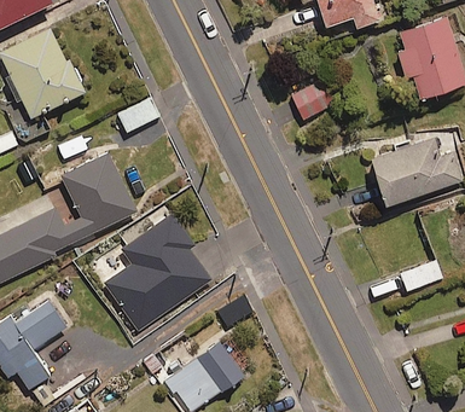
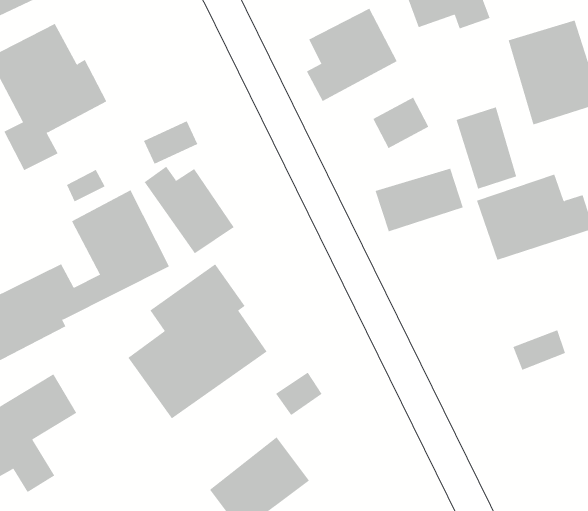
building: none -> [306,8,397,102]
building: none -> [456,107,517,189]
building: none -> [144,166,235,254]
building: none -> [375,168,464,232]

